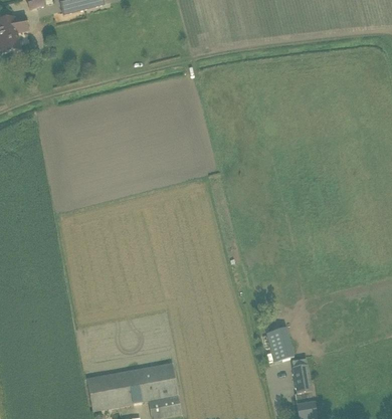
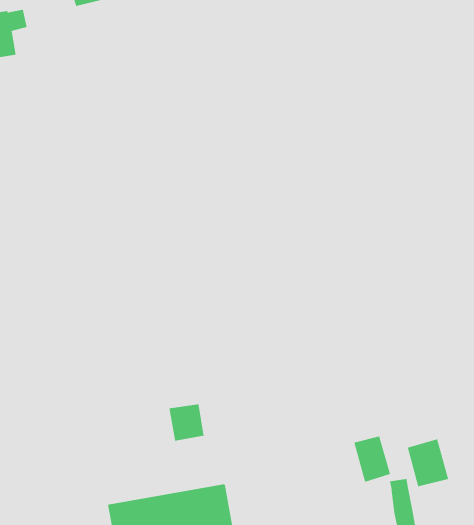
building: none -> [169,404,204,442]
building: none -> [407,438,449,487]

